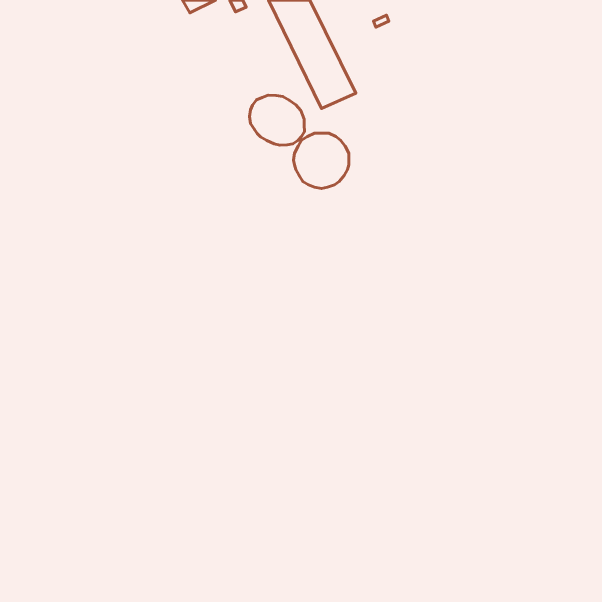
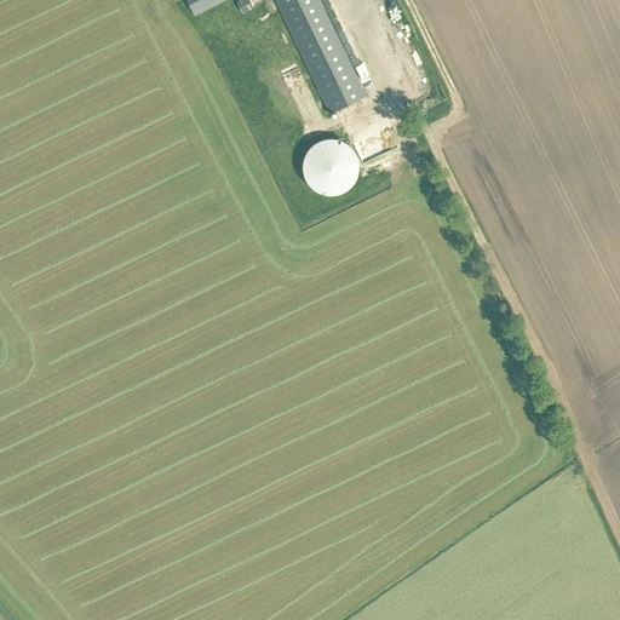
building: [250,95,305,145] -> none

